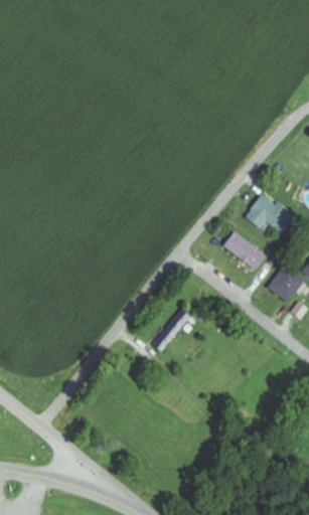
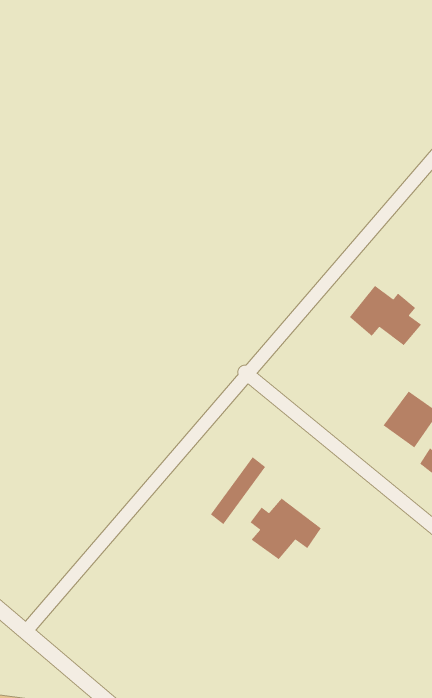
building: [222,231,268,270] -> none
building: none -> [249,497,322,560]

